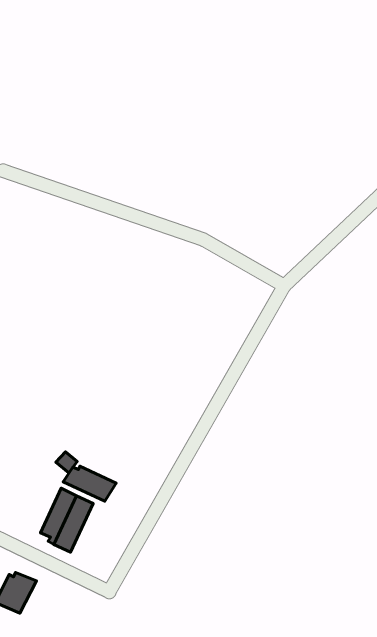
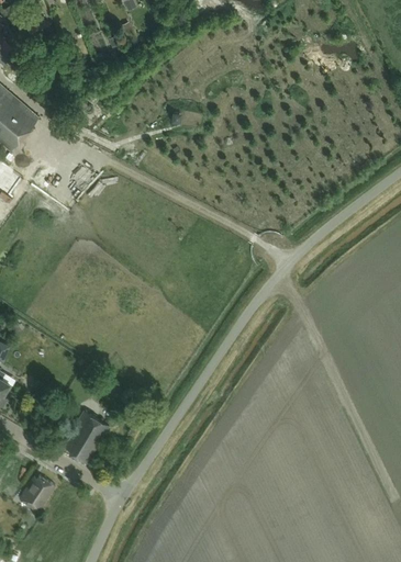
building: [63,466,116,501] -> none

